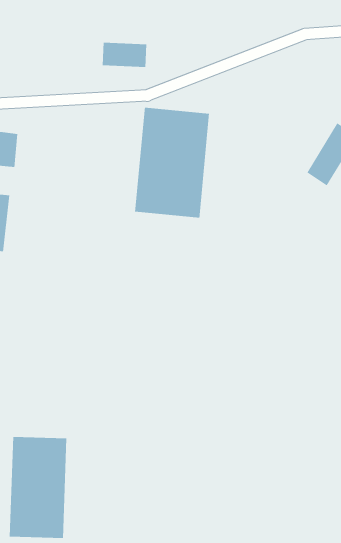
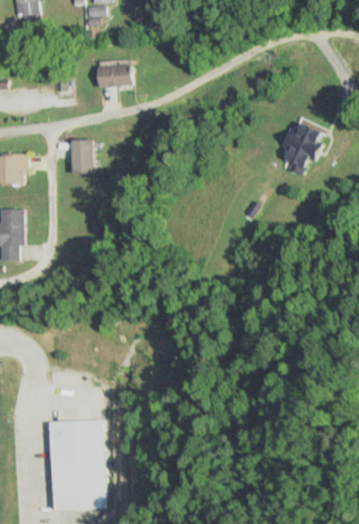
building: [135,107,210,218] -> none
building: none -> [71,140,96,174]

